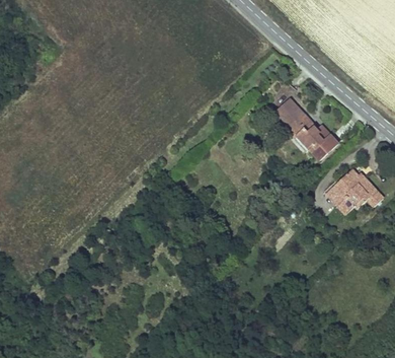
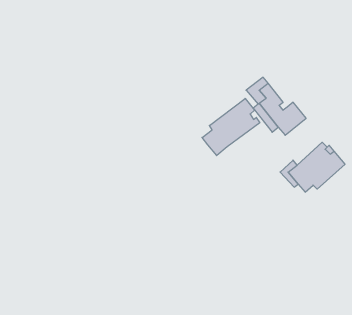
building: none -> [202,98,260,156]

